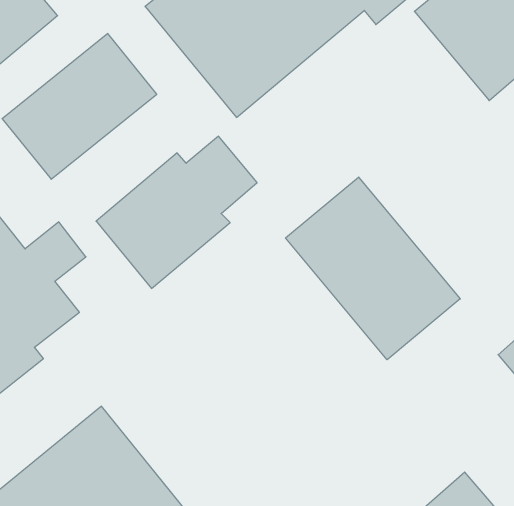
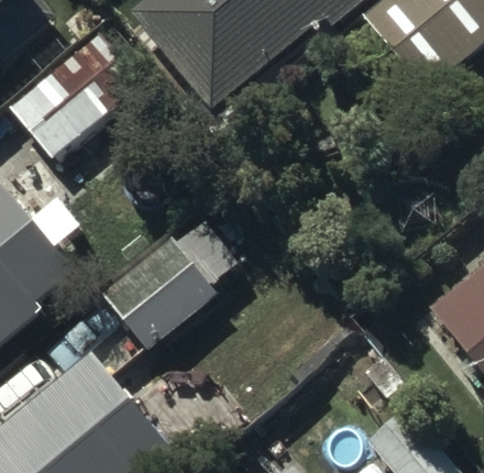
building: [96,136,257,288] -> [100,220,238,350]
building: [286,177,460,360] -> none

